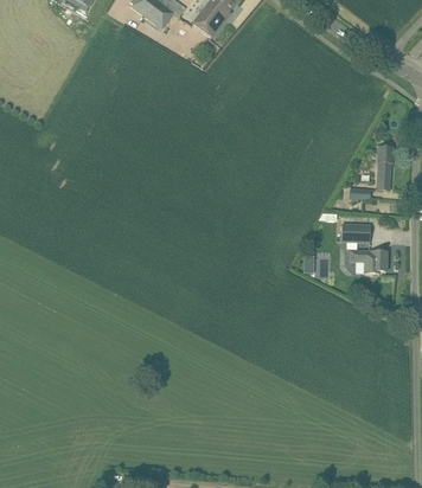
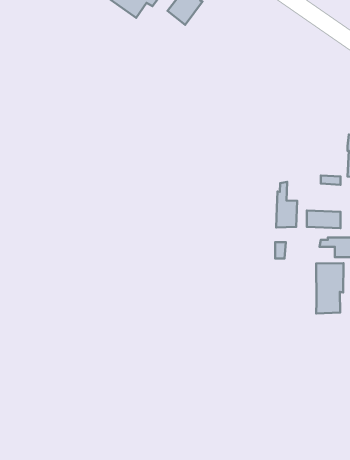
building: none -> [276,182,297,228]
building: none -> [316,263,343,314]

